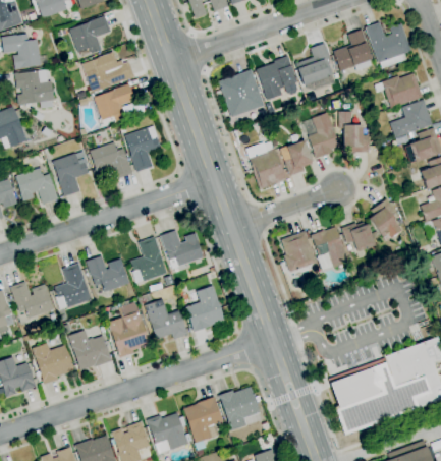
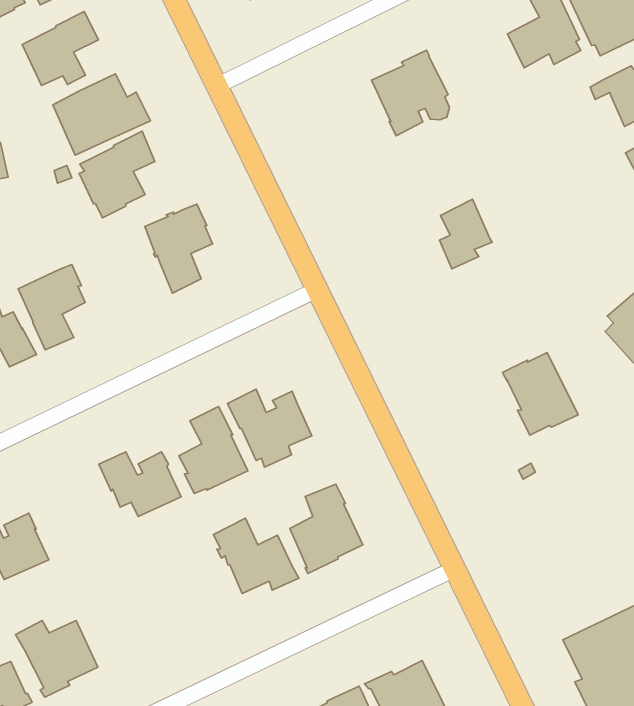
building: [295,43,333,85] -> none
building: [217,69,265,118] -> none
building: [339,112,369,153] -> none
building: [304,113,339,158] -> none
building: [245,141,286,189] -> none
building: [90,142,133,179] -> none
building: [342,222,376,252] -> none
building: [281,231,317,273] -> none
building: [55,264,91,310] -> none
building: [108,302,150,358] -> none
building: [67,330,113,371] -> none

